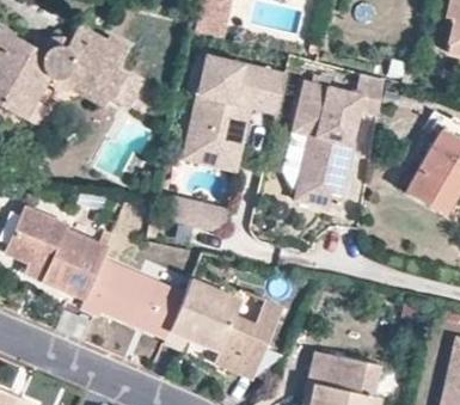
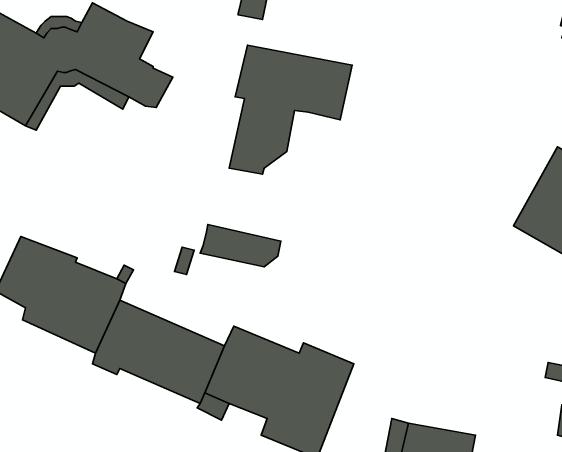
building: [292,70,382,205] -> none
building: [178,97,250,172] -> none

